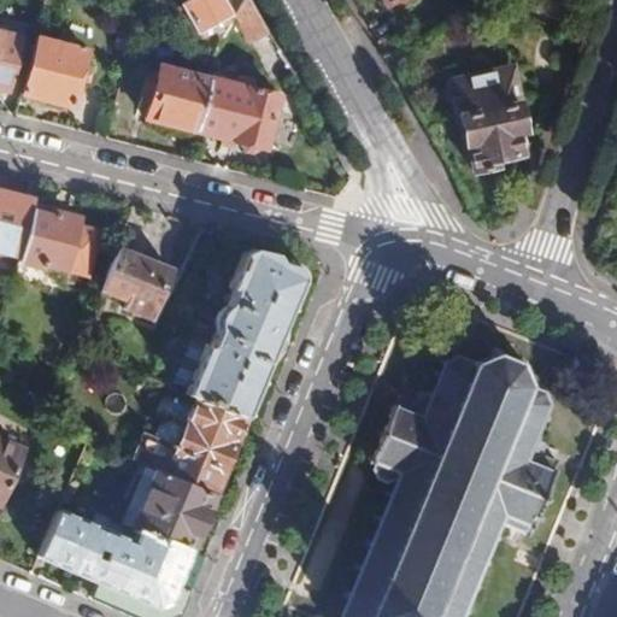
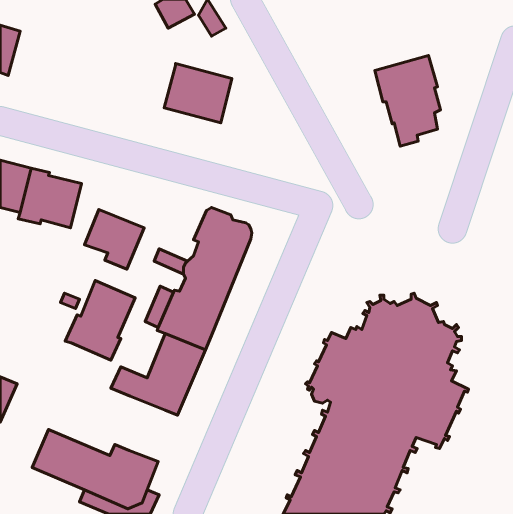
building: [24,37,88,106] -> none
building: [147,66,212,131] -> none
building: none -> [65,281,135,360]
building: [135,474,215,552] -> none

